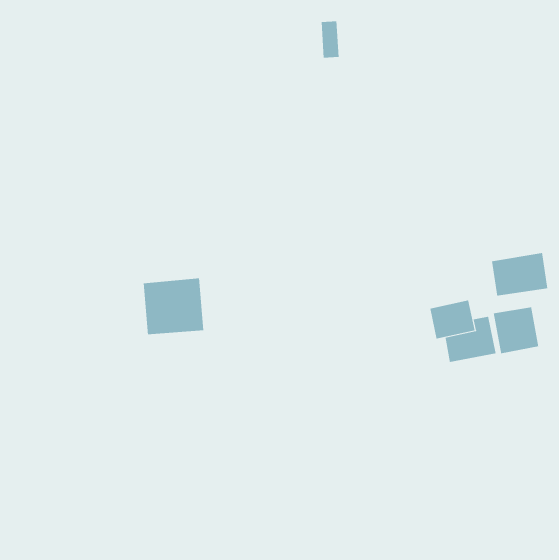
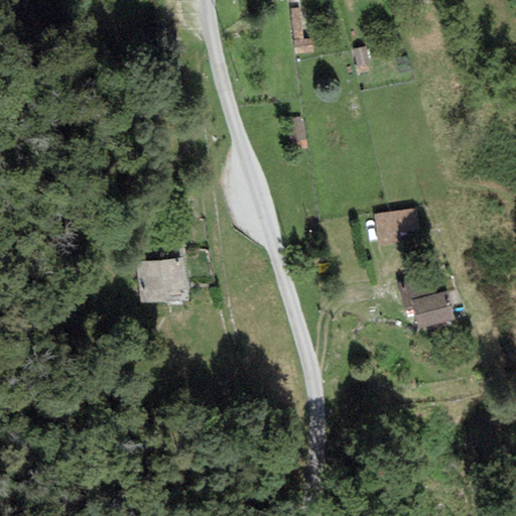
building: [491,252,548,296] -> [371,207,423,247]
building: [493,306,539,354] -> none

